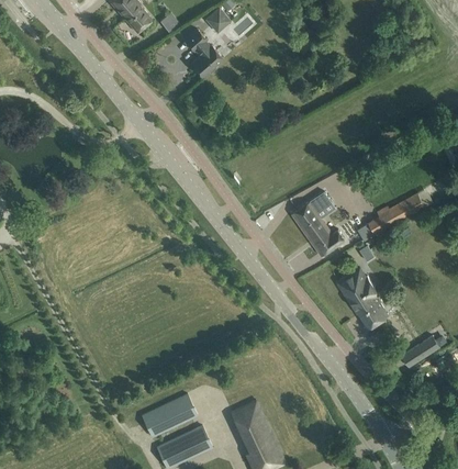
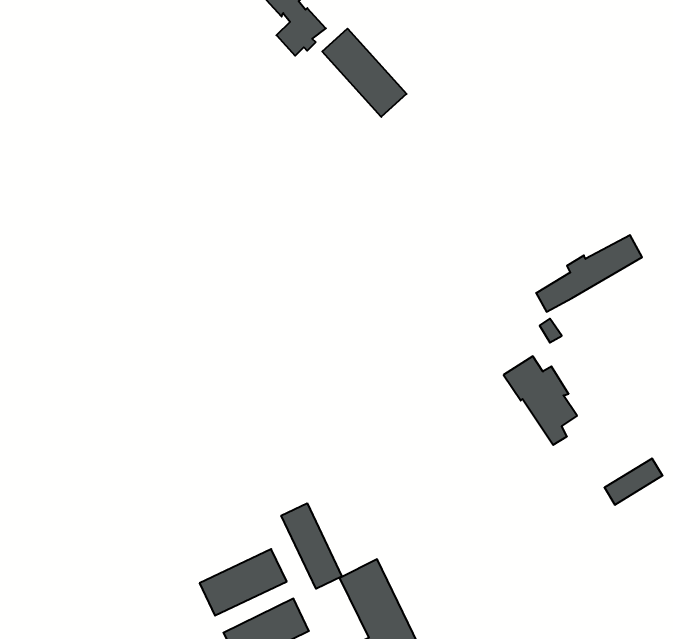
building: none -> [322,29,407,117]
building: [291,191,345,256] -> none
building: none -> [281,503,342,589]

